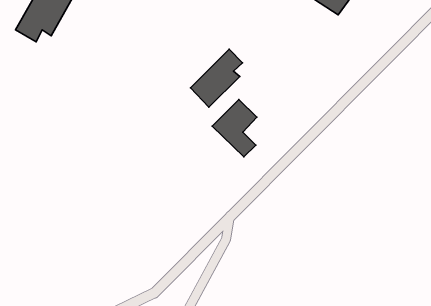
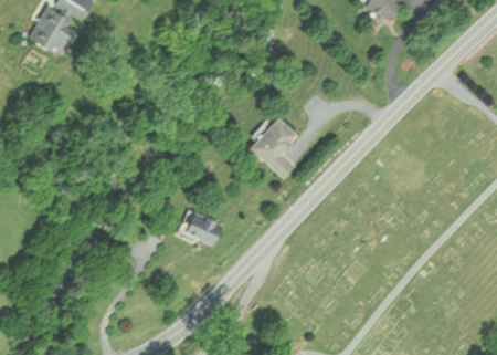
building: [191,49,243,107] -> none
building: none -> [181,210,224,247]

